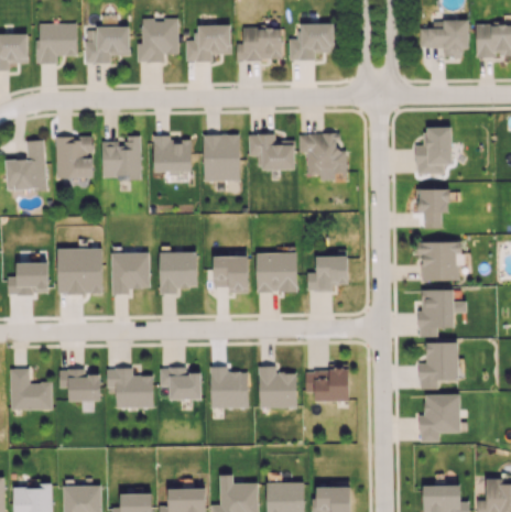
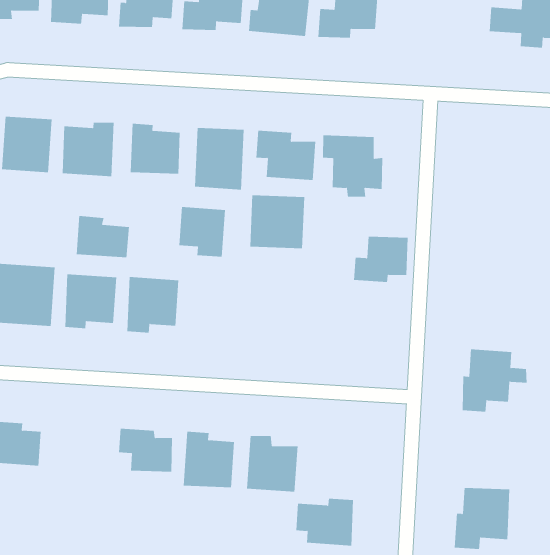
building: [415,128,452,174] -> none
building: [416,188,449,229] -> none
building: none -> [76,215,129,258]
building: [416,241,461,281] -> none
building: [256,252,297,293] -> [249,195,305,249]
building: [307,255,348,291] -> [353,236,408,283]
building: [214,257,248,293] -> [178,207,226,257]
building: [418,342,458,390] -> none
building: [305,366,349,401] -> [295,498,354,546]
building: [107,368,153,407] -> none

